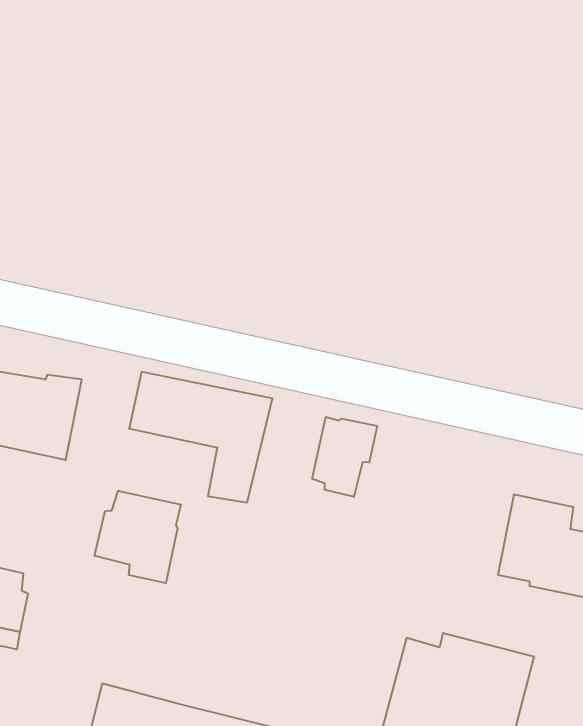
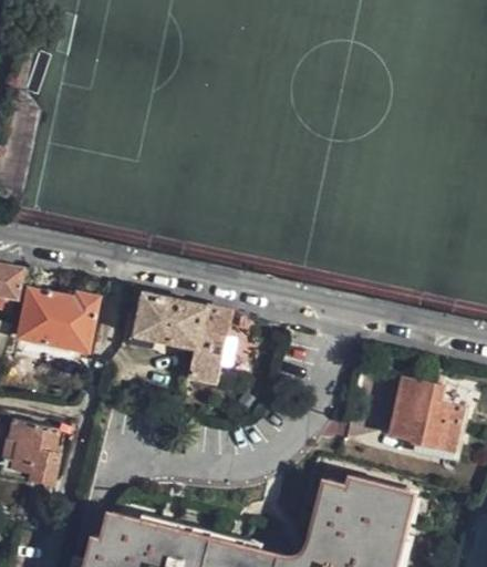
building: [312,417,377,497] -> none
building: [95,491,181,583] -> none

